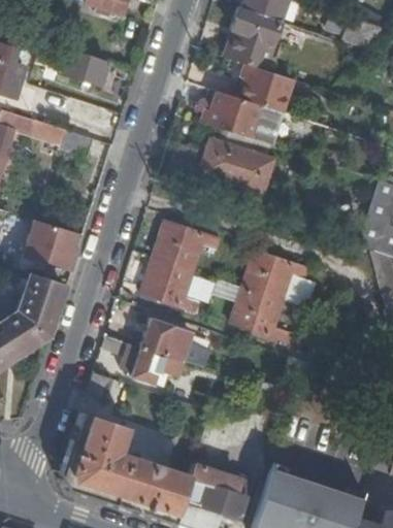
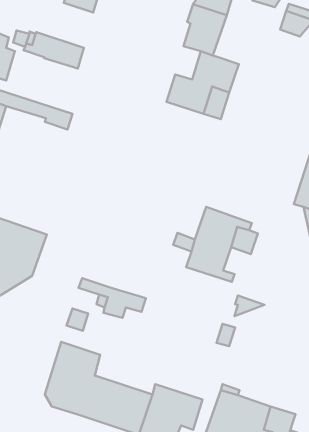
building: [199,139,274,194] -> none
building: [25,220,78,271] -> none
building: [142,221,221,311] -> none
building: [141,319,211,368] -> none

